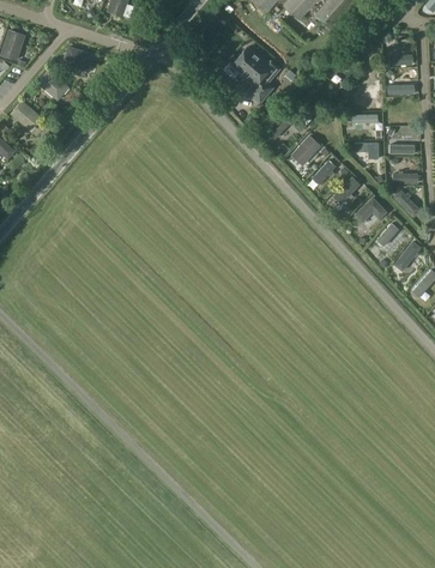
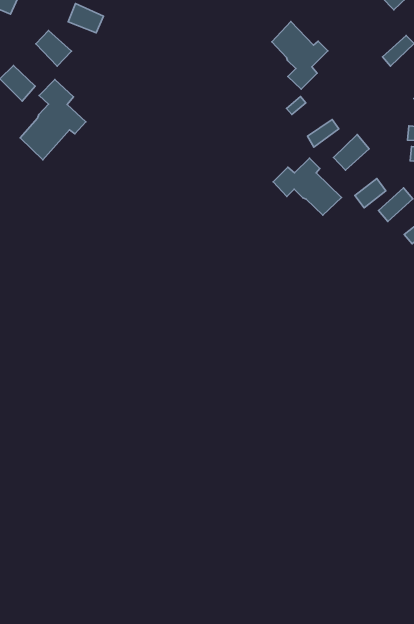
building: none -> [20,79,86,160]
building: none -> [273,158,342,215]

